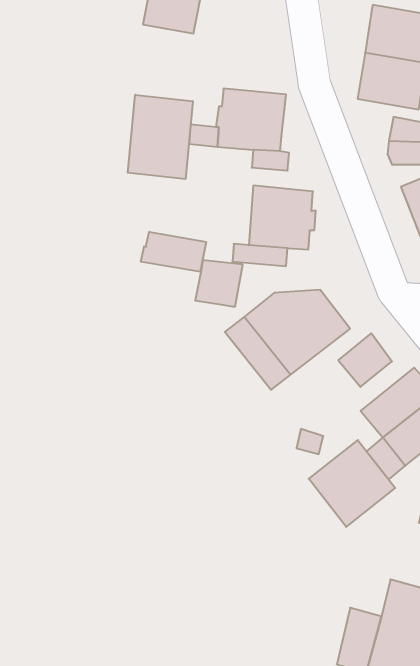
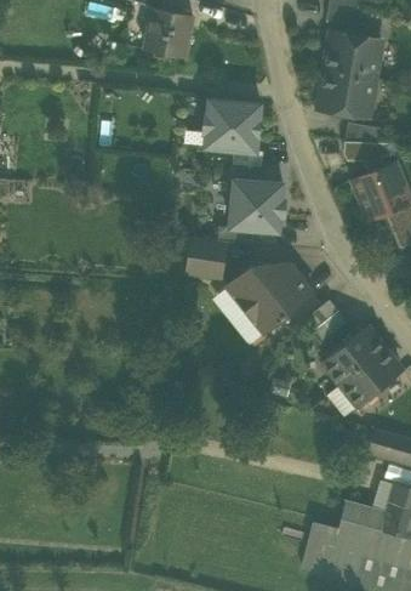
building: [128,95,193,179] -> none
building: [141,232,206,272] -> none
building: [309,440,395,527] -> none

